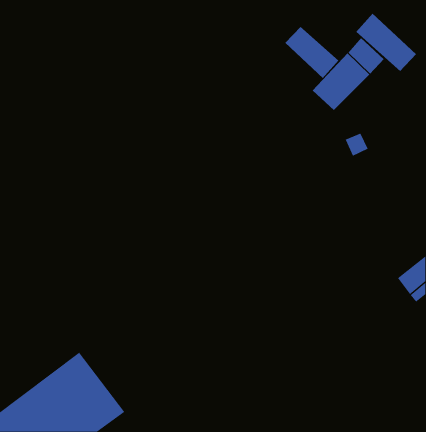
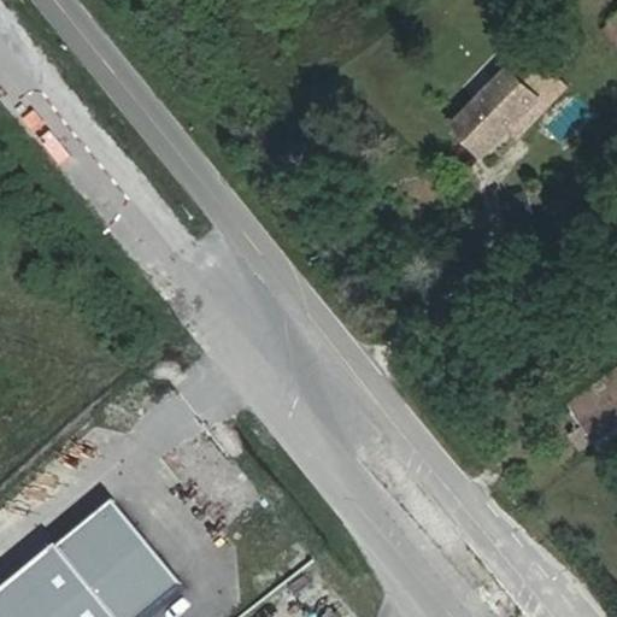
building: [356,13,417,72] -> none
building: [285,26,339,79] -> none

